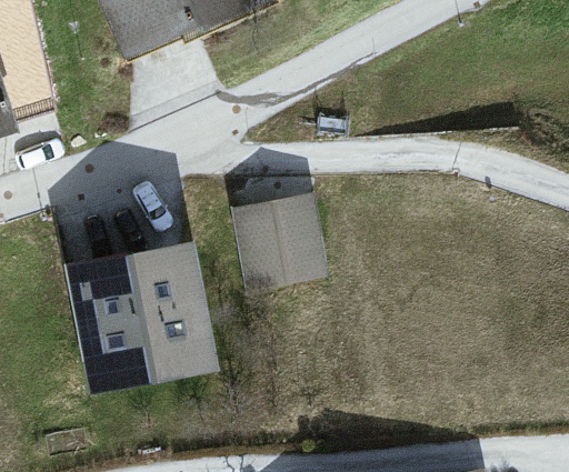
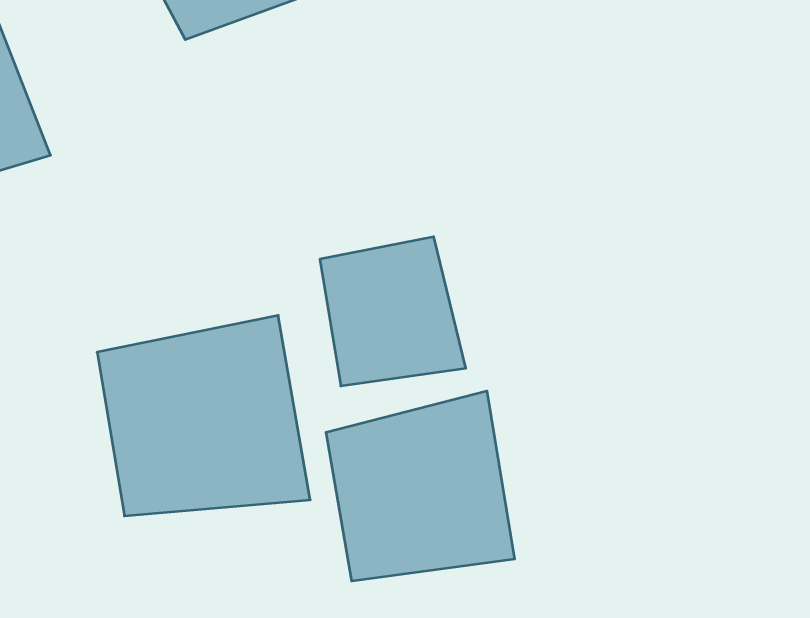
building: none -> [326,391,515,581]

